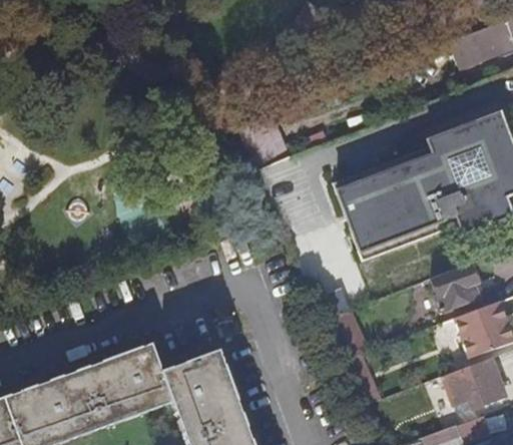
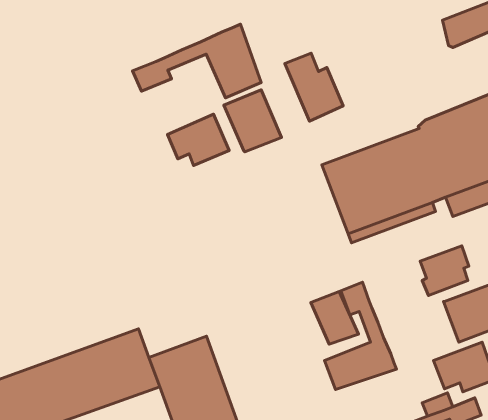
building: none -> [132,24,261,98]
building: none -> [285,53,343,121]
building: none -> [168,114,229,165]
building: none -> [324,282,396,389]

